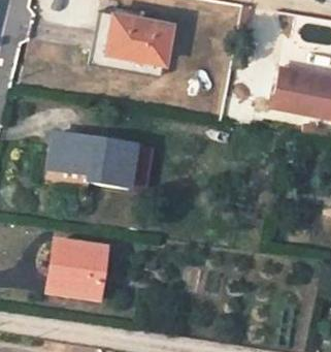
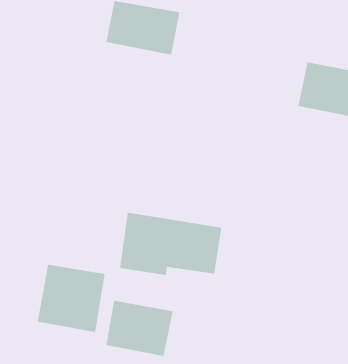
building: [45,135,135,191] -> [119,212,222,276]
building: none -> [105,300,174,357]

